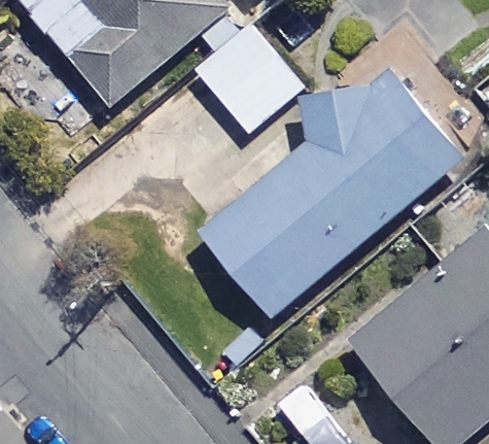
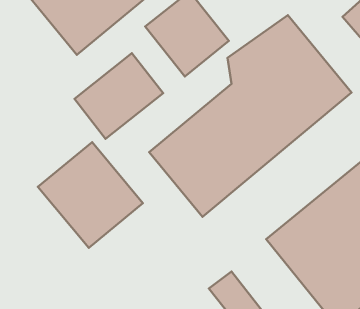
building: none -> [74,53,163,139]
building: none -> [38,142,143,248]

